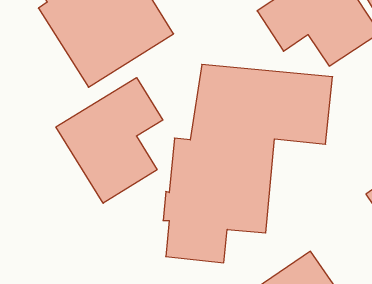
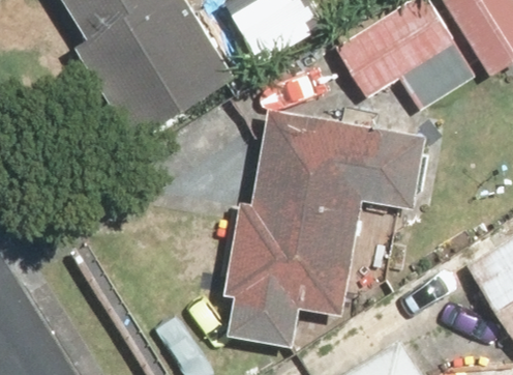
building: [56,78,163,203] -> none

